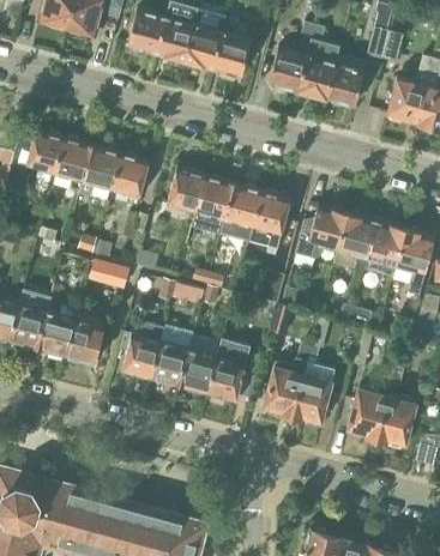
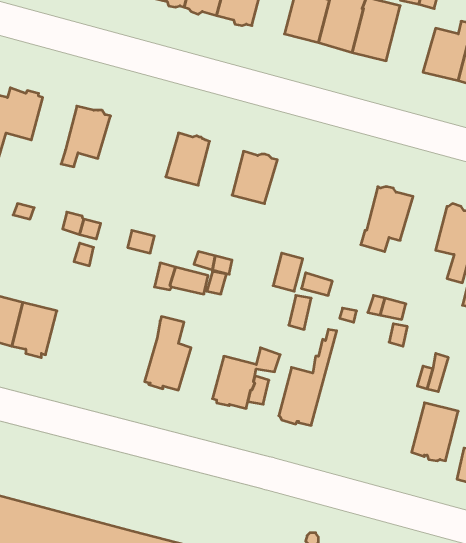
building: [54,135,92,181] -> none
building: [110,152,150,197] -> none
building: [192,174,234,234] -> none
building: [248,189,293,248] -> none
building: [295,205,348,258] -> none
building: [363,220,406,276] -> none
building: [66,318,104,362] -> none
building: [122,321,163,377] -> none
building: [291,334,334,422] -> none
building: [179,349,217,392] -> none
building: [348,387,387,437] -> none

